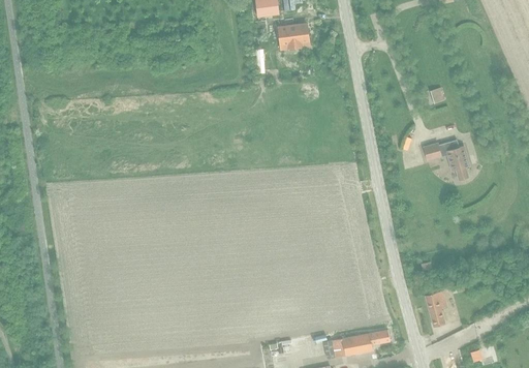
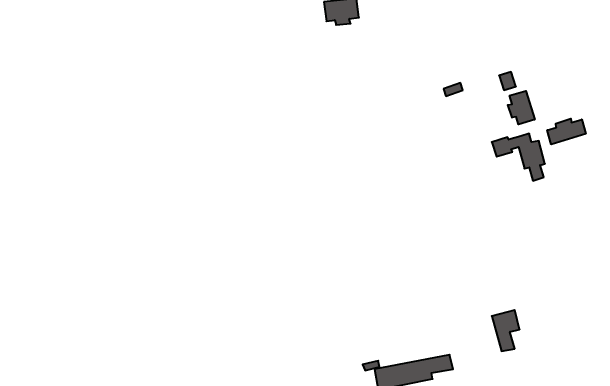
building: none -> [508,91,535,124]
building: none -> [547,119,586,144]

